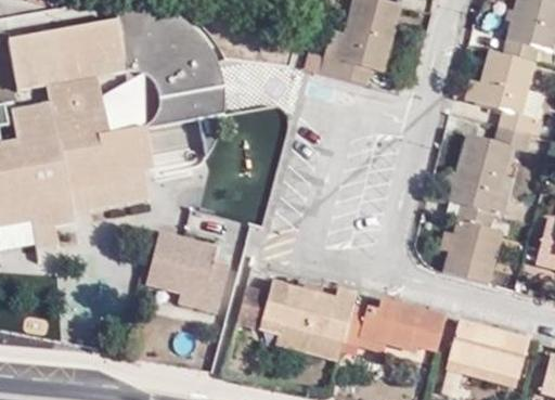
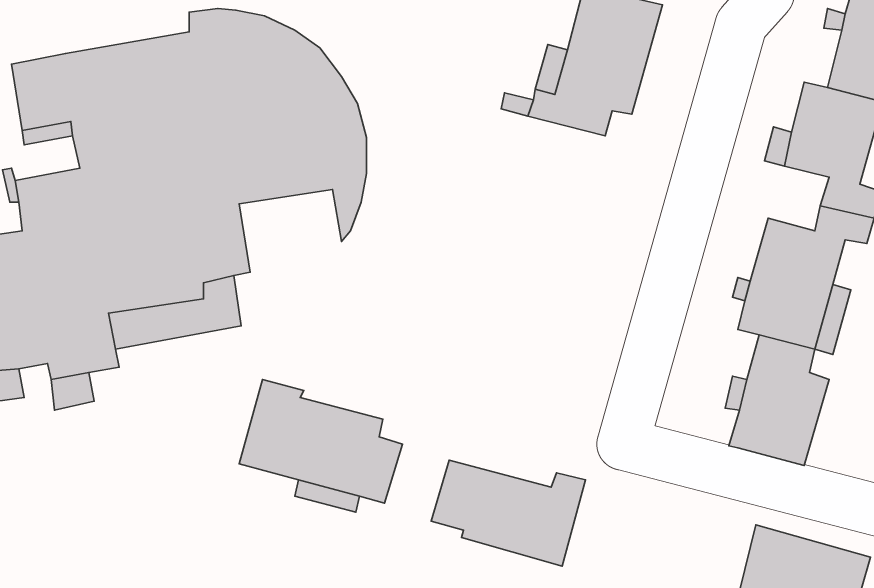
building: [359,299,446,351] -> none

